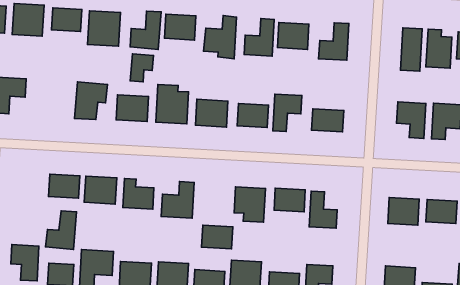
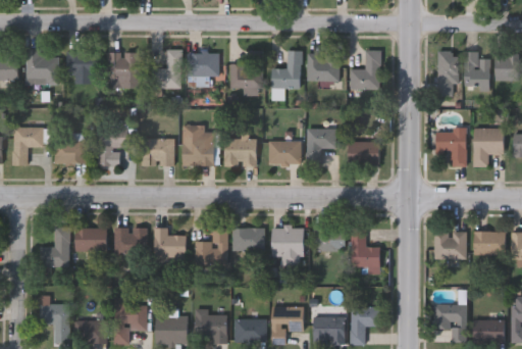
building: [130,54,153,82] -> none
building: none -> [55,141,87,163]
building: [45,211,77,249] -> [40,226,70,265]
building: [202,225,233,249] -> [232,228,264,251]

